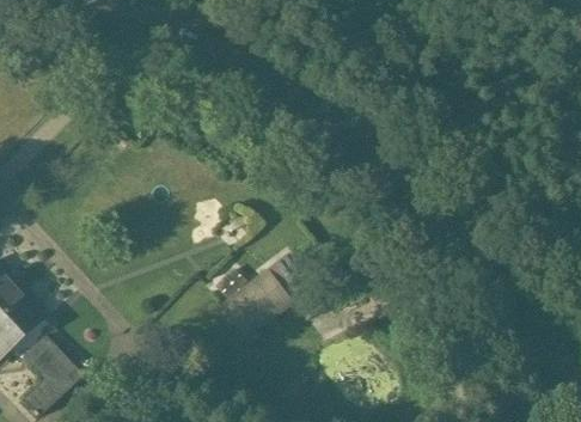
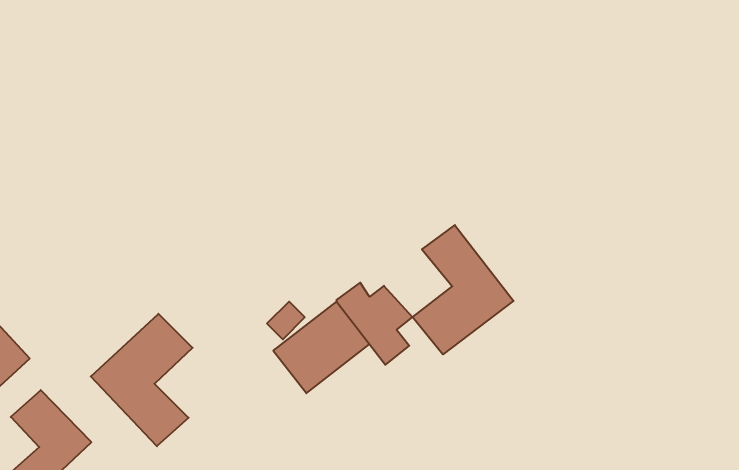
building: none -> [412,225,514,354]
building: none -> [91,314,193,446]

